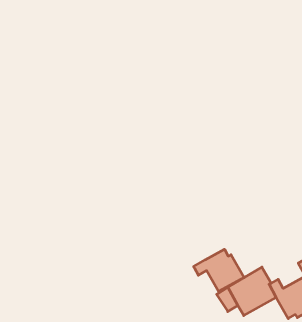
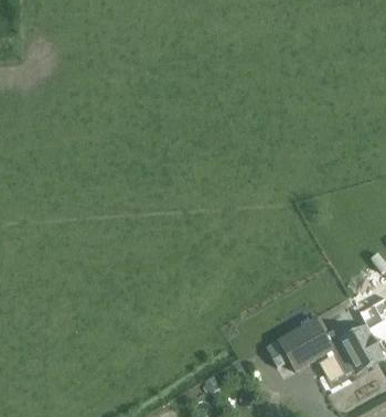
building: [194,249,244,292] -> none

